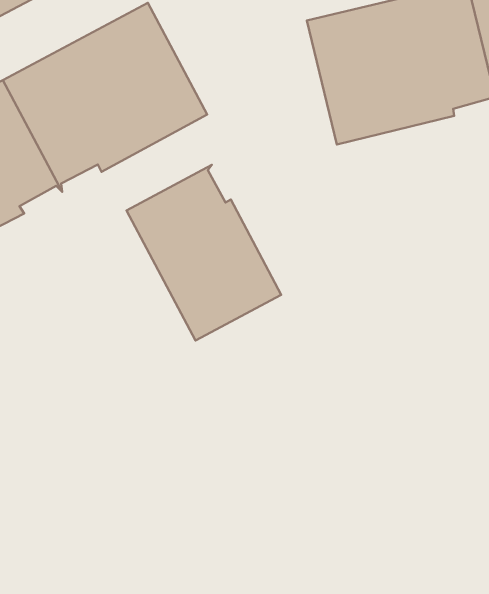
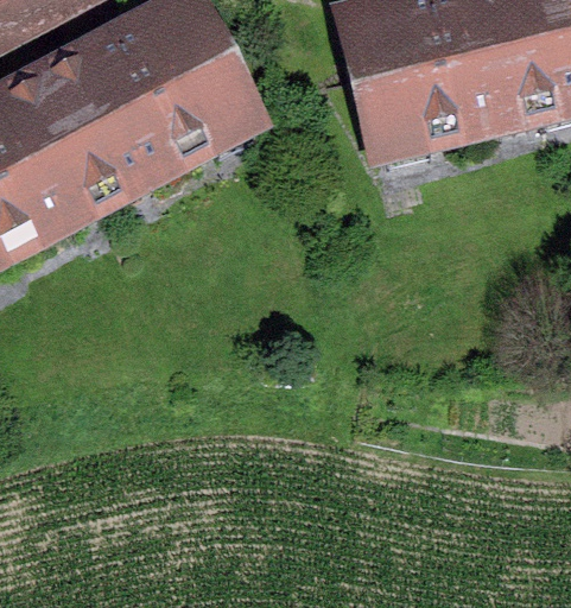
building: [126,165,281,340] -> none

